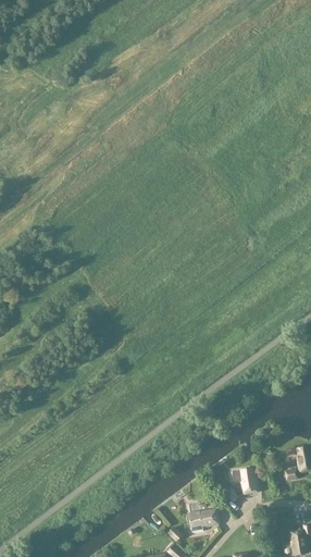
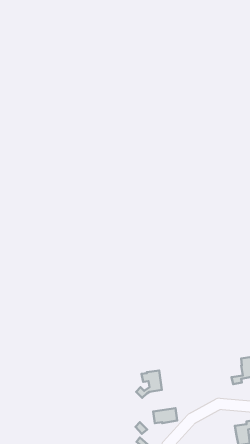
building: [226,467,258,500] -> [136,370,162,398]

